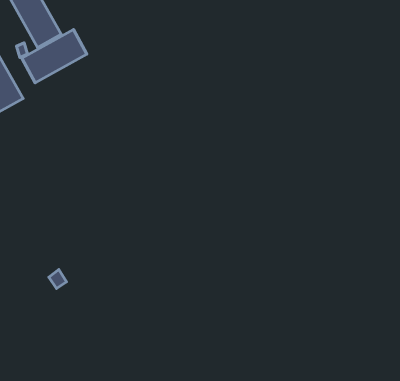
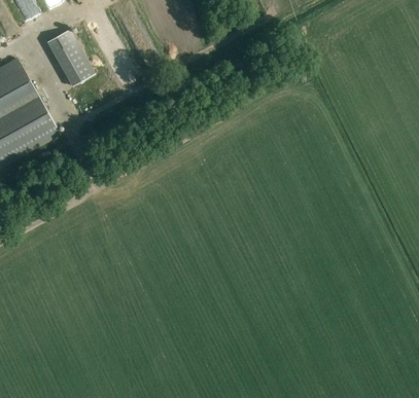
building: [22,29,87,83] -> none

